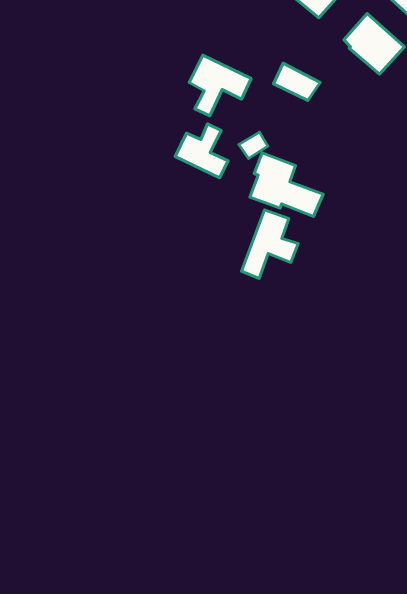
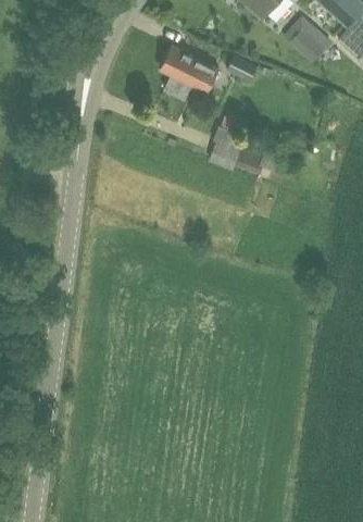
building: [175,124,228,178] -> none
building: [241,210,298,278] -> none

